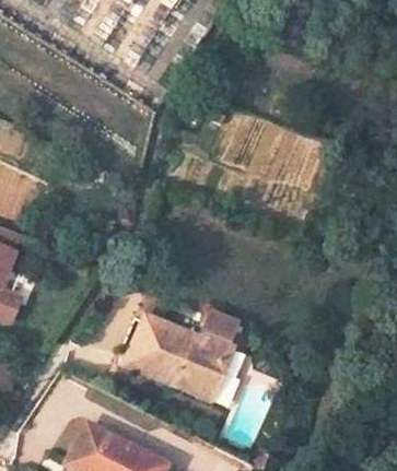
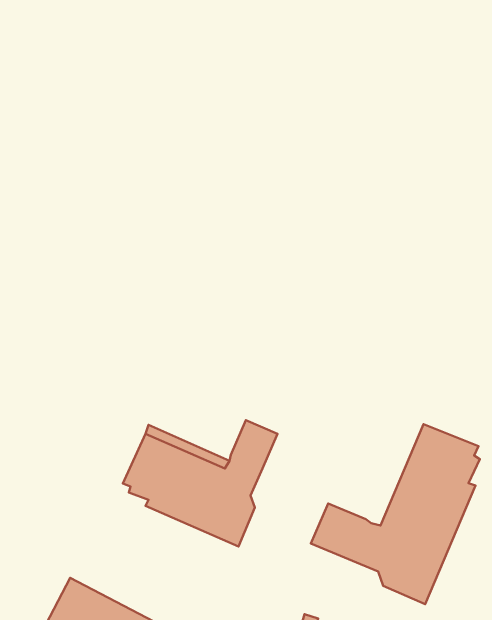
building: none -> [311,424,480,604]

